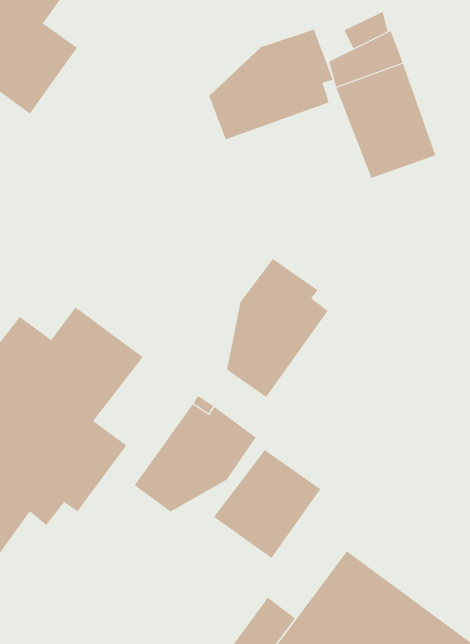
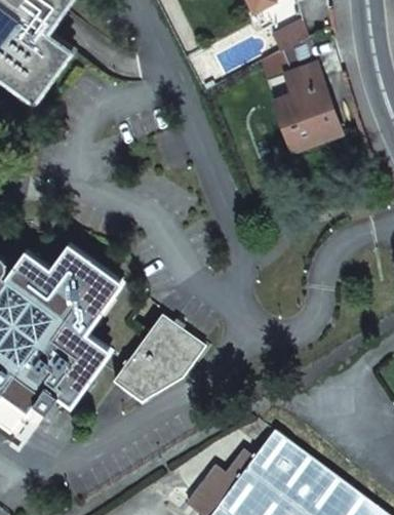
building: [209,29,334,140] -> none
building: [226,258,329,398] -> none
building: [213,449,321,559] -> none

